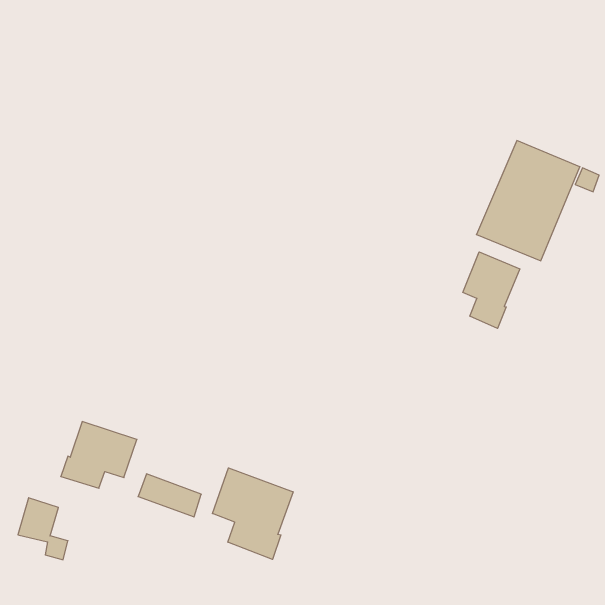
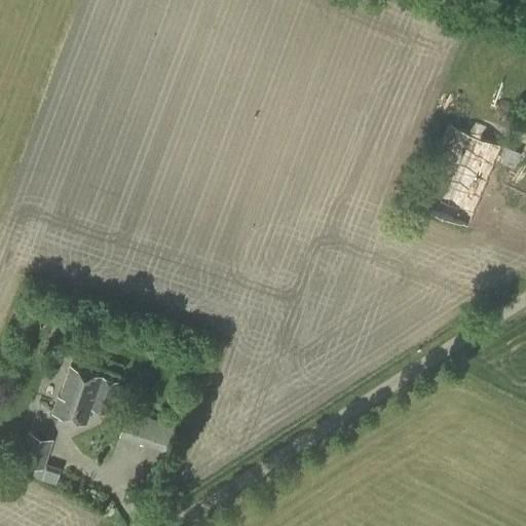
building: [463,252,520,328] -> none
building: [212,468,293,559] -> none

